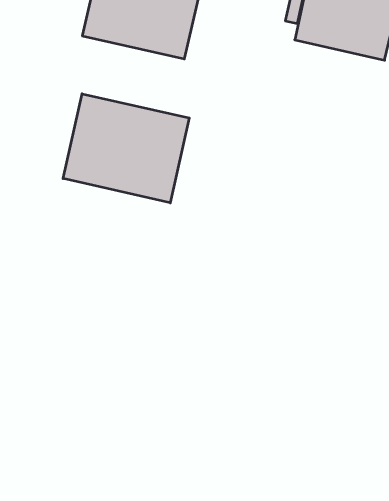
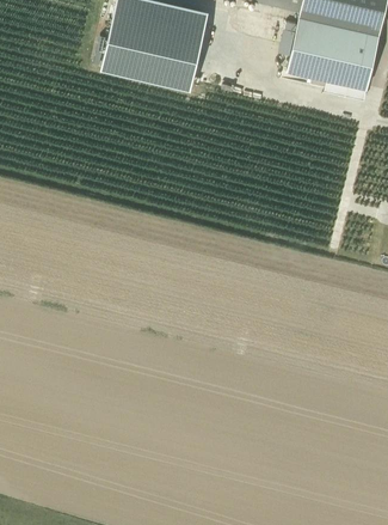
building: [63,94,189,203] -> none

